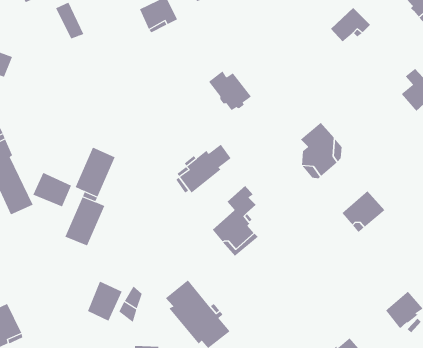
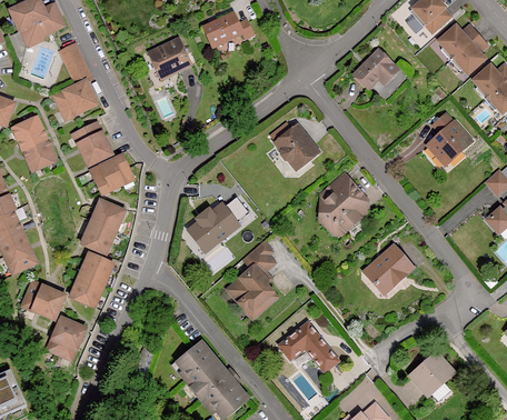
building: none -> [53,81,97,119]
building: none -> [12,118,57,171]
building: [208,71,252,111] -> [271,123,318,167]
building: none -> [72,122,111,166]
building: none -> [90,156,133,194]
building: [33,172,72,207] -> [22,281,64,319]
building: none -> [280,322,339,372]
building: [87,281,122,321] -> [48,317,86,360]

